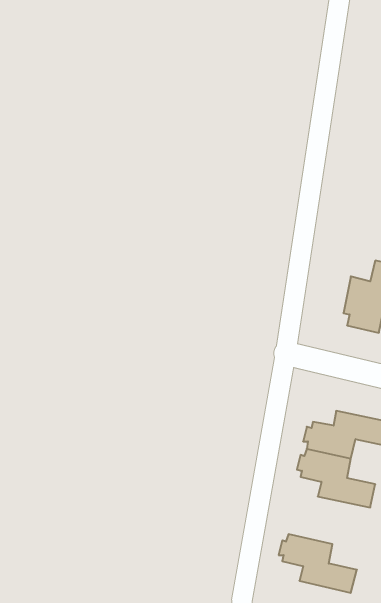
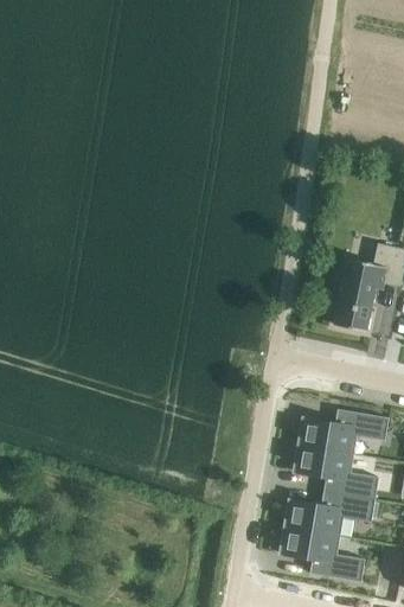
building: none -> [277,490,360,536]

